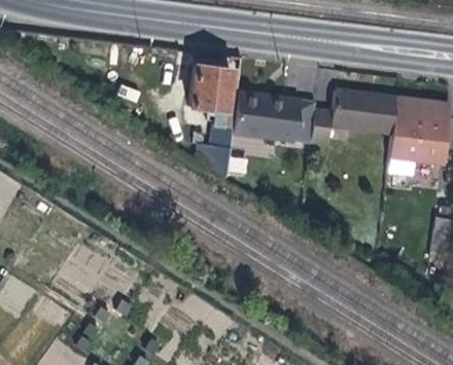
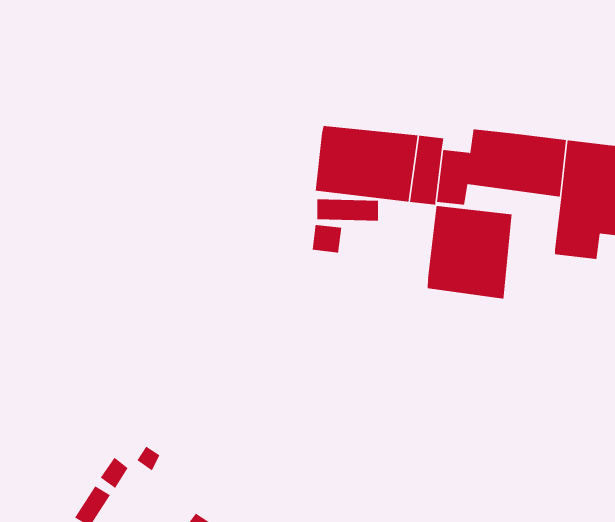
building: [189,62,236,177] -> none
building: none -> [427,205,512,300]

